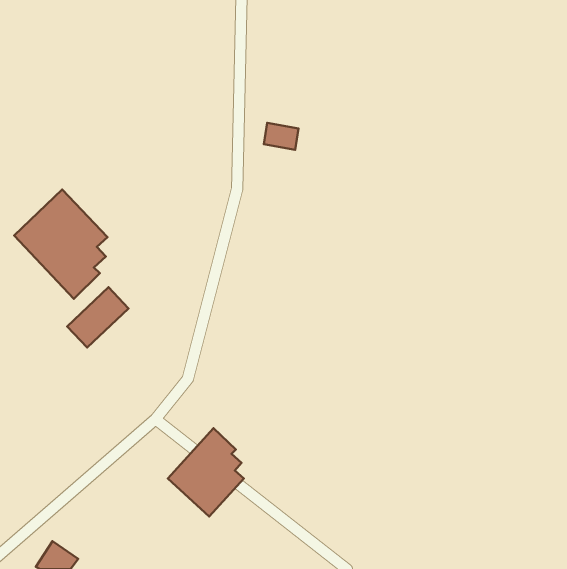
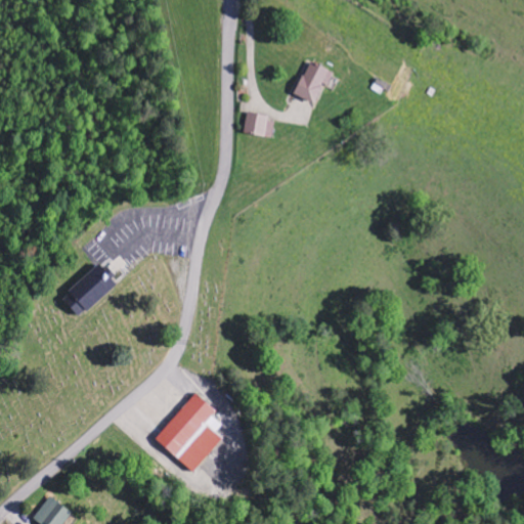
building: none -> [294,60,331,103]
building: [14,190,107,299] -> none

